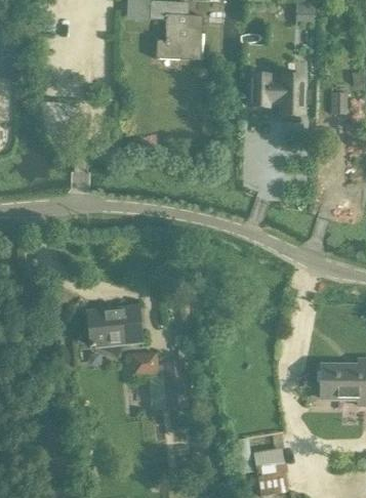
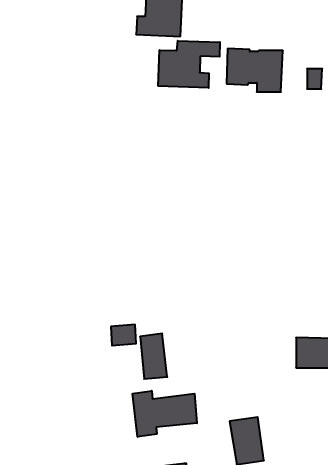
building: none -> [158,41,220,88]
building: [76,306,141,360] -> none
building: none -> [133,391,197,437]

